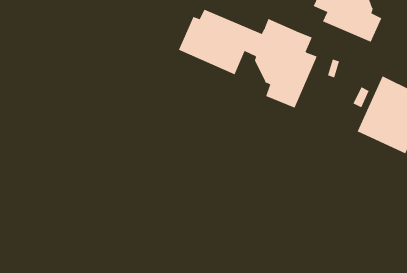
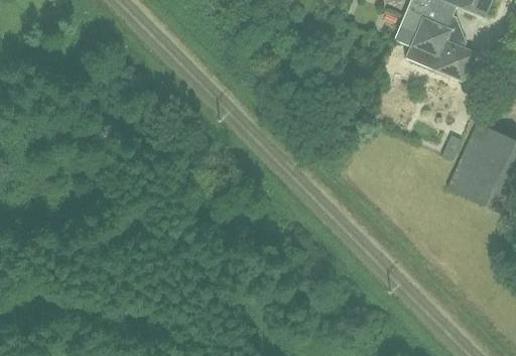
building: [178,9,317,109] -> none

